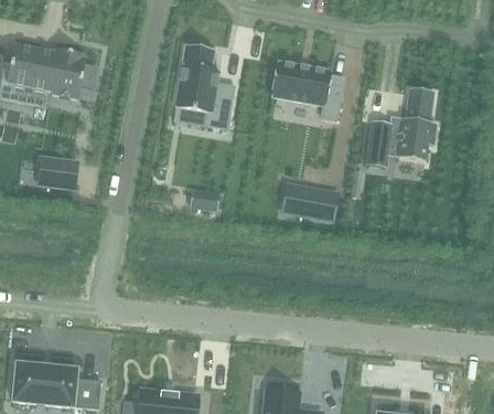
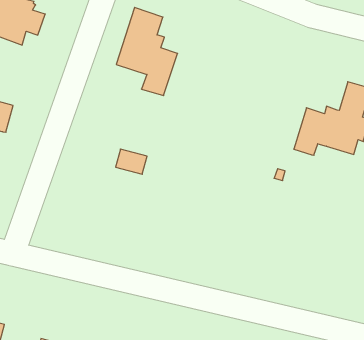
building: [271,59,343,119] -> none
building: [281,184,339,219] -> none

